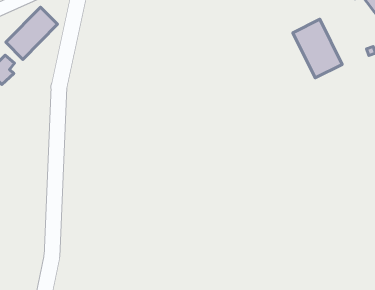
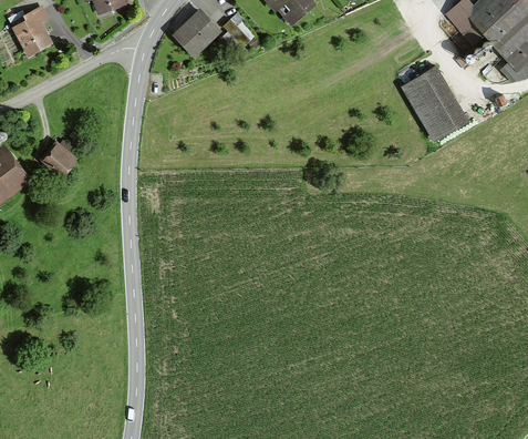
building: [6,7,58,59] -> none

